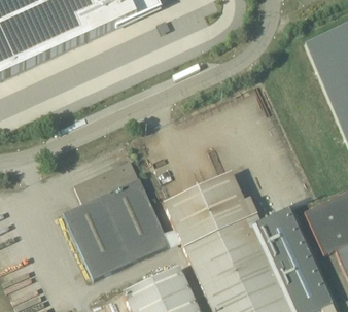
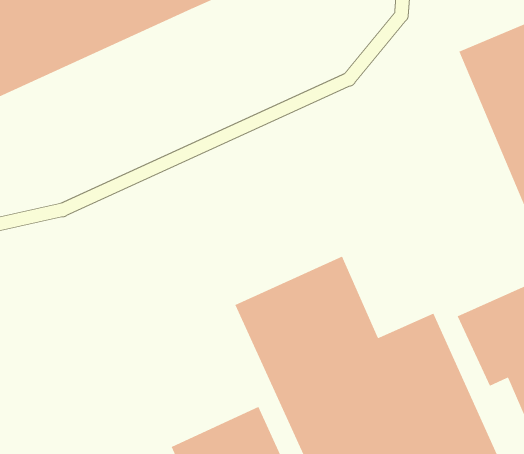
building: [64,158,170,278] -> none

